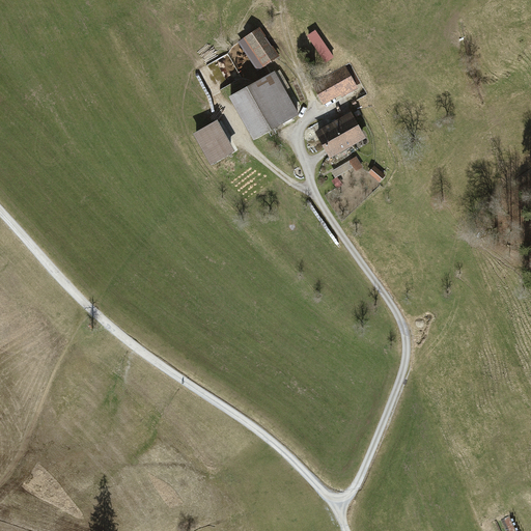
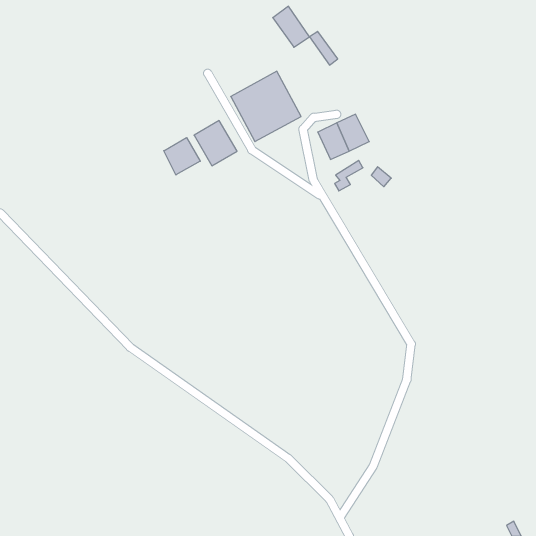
building: [243,28,279,68] -> [273,6,309,47]
building: [315,65,359,103] -> none
building: none -> [164,138,200,175]

